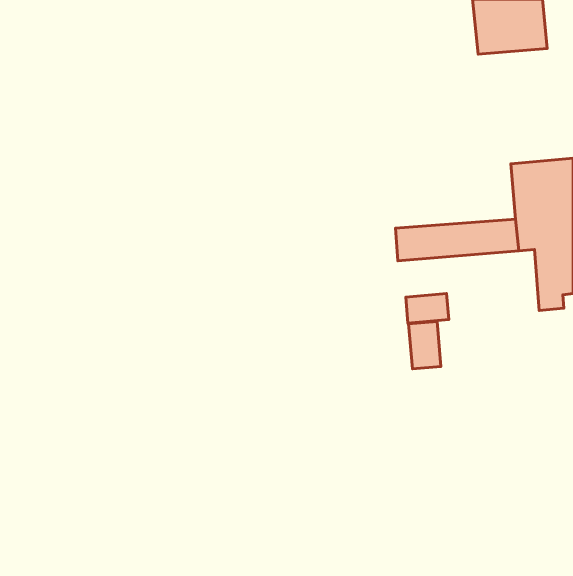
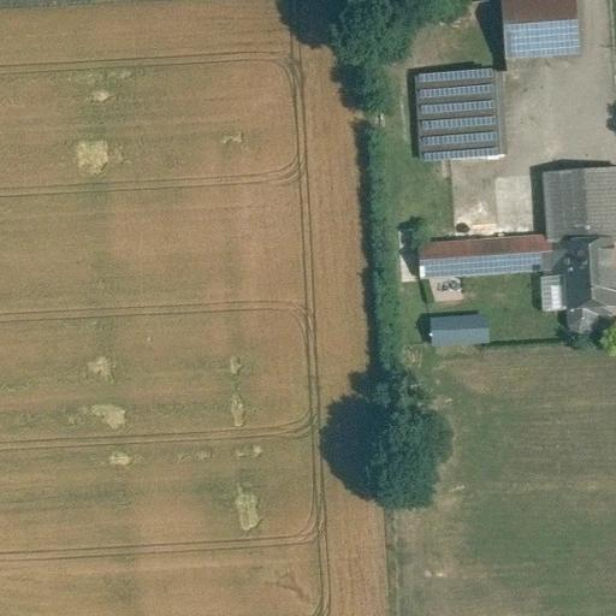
building: none -> [417,66,504,160]
building: [409,322,441,369] -> none

